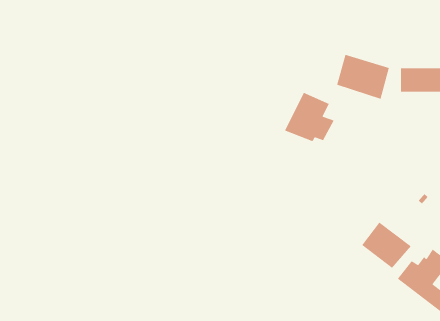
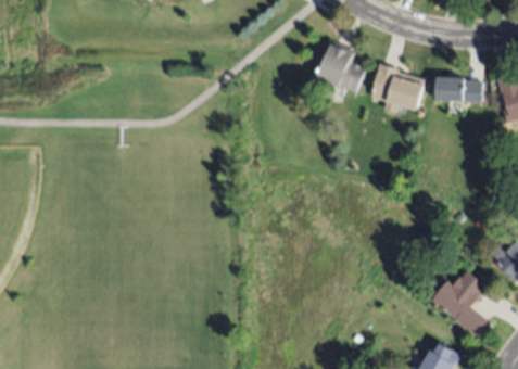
building: [284,92,335,142] -> [309,42,363,94]
building: [361,221,412,269] -> none

